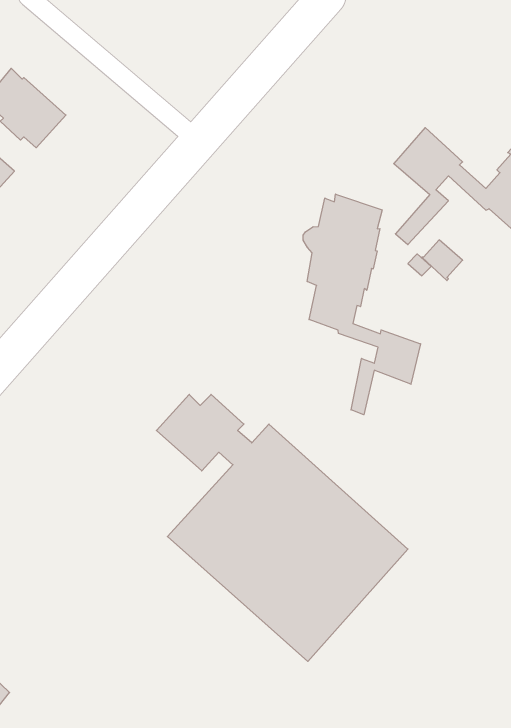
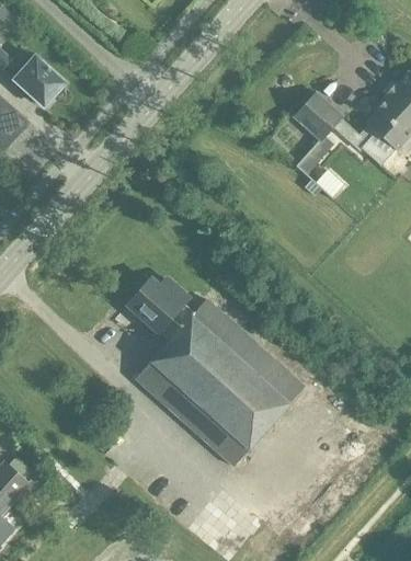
building: [303,194,421,415] -> none

